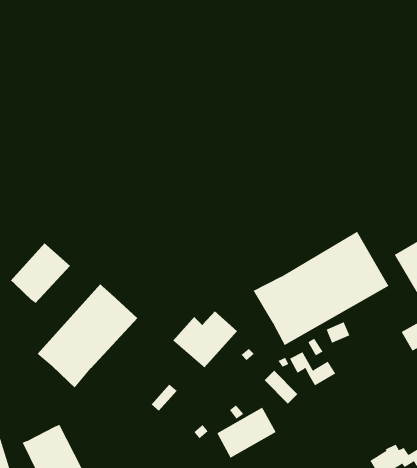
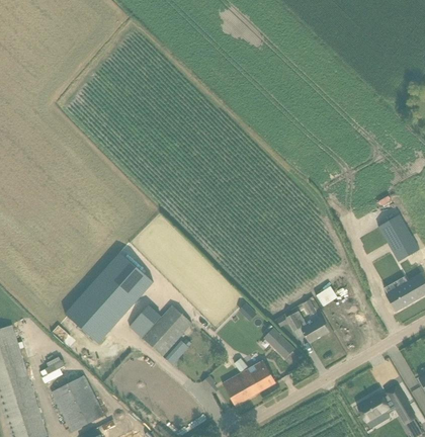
building: [253,231,389,346] -> none
building: [10,243,71,304] -> none
building: [172,310,238,368] -> [134,305,191,356]

